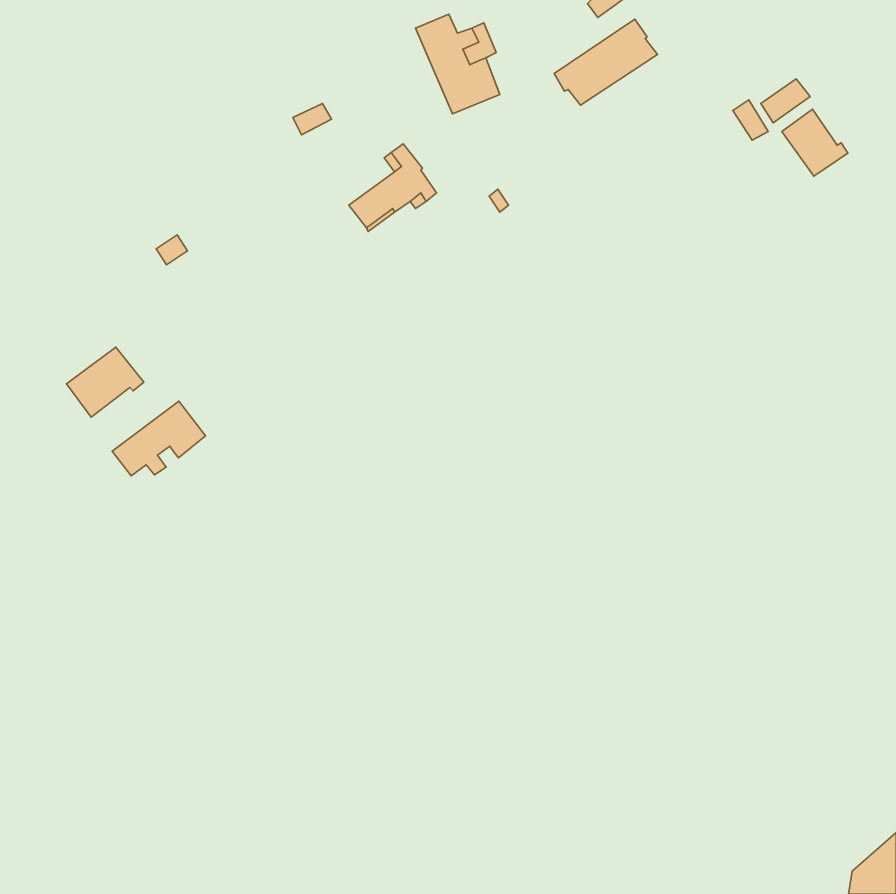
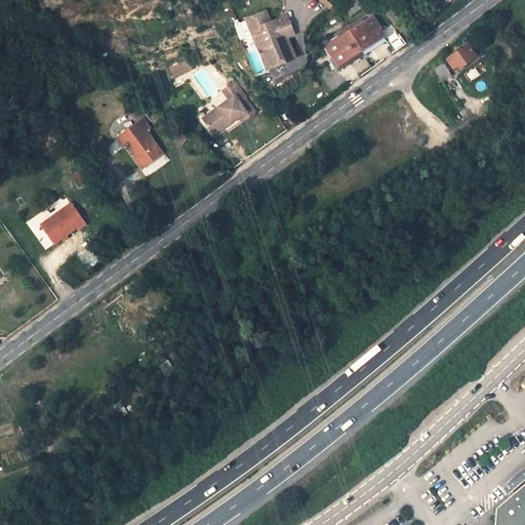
building: [782,109,848,176] -> none
building: none -> [118,119,164,168]
building: [112,401,206,476] -> none

